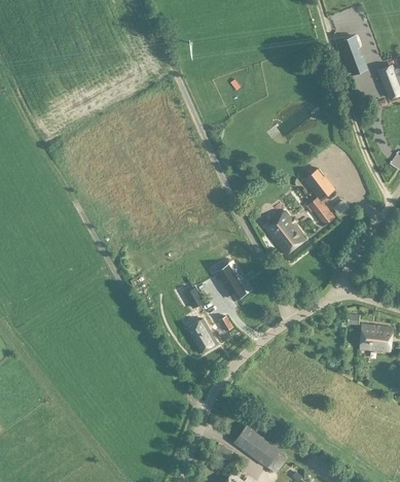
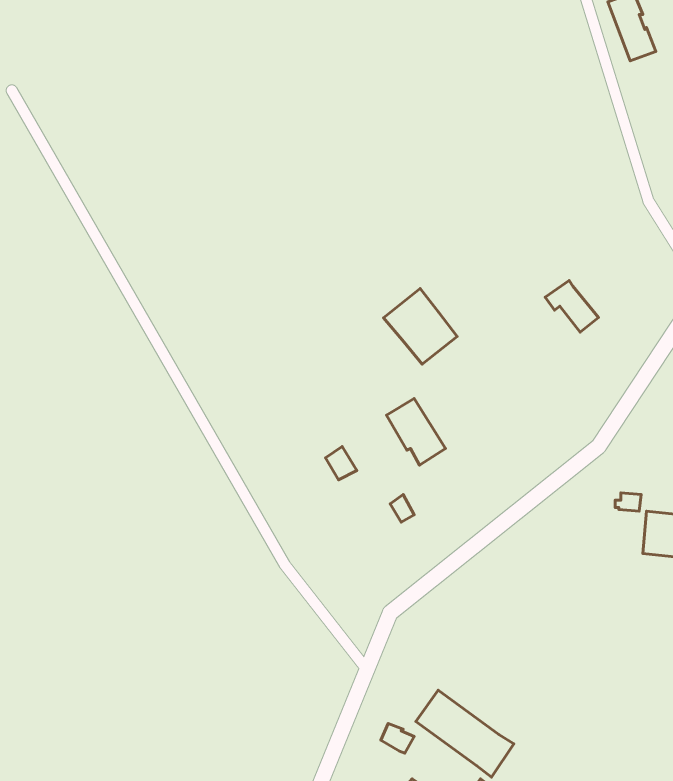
building: [304,168,333,199] -> none
building: [263,211,304,253] -> [383,288,457,364]
building: [183,318,215,352] -> none

